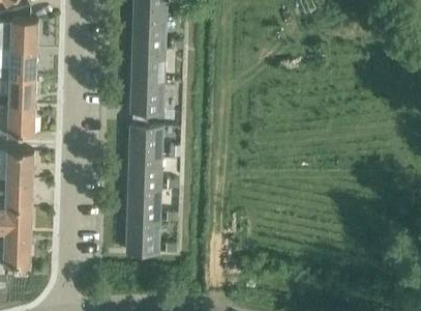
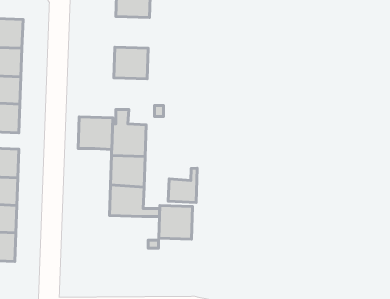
building: [131,18,167,50] -> none
building: [129,80,164,113] -> [78,117,113,150]
building: none -> [168,168,197,202]
building: [125,220,159,254] -> [159,206,192,239]

